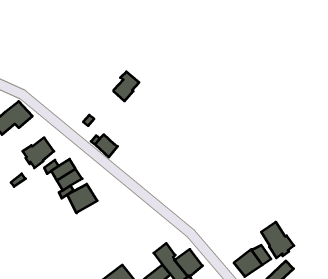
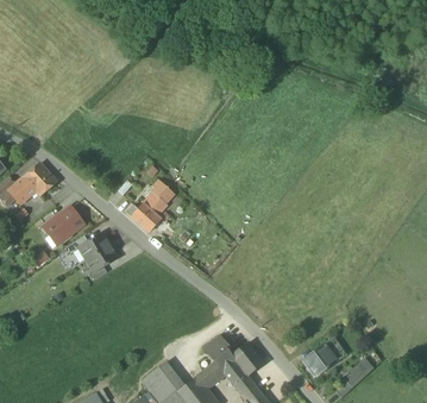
building: [114,72,139,101] -> [144,180,175,215]
building: [67,184,97,213] -> none
building: [261,222,294,258] -> none

